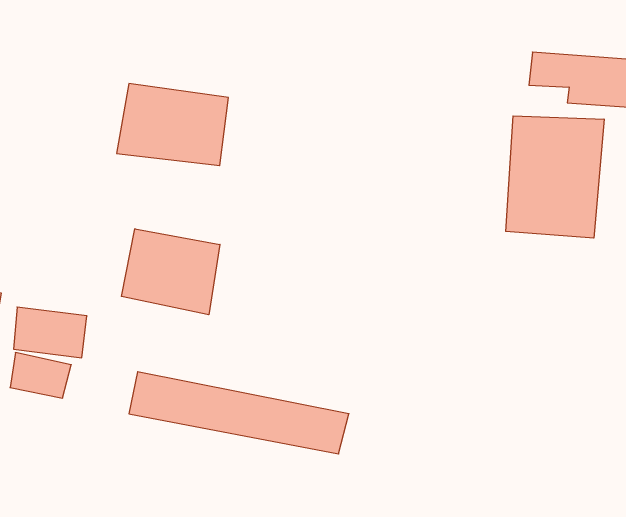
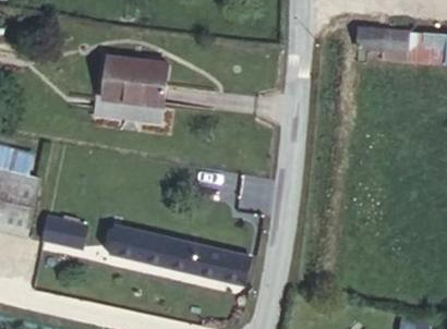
building: [506,116,604,238] -> none
building: [121,229,220,315] -> none

